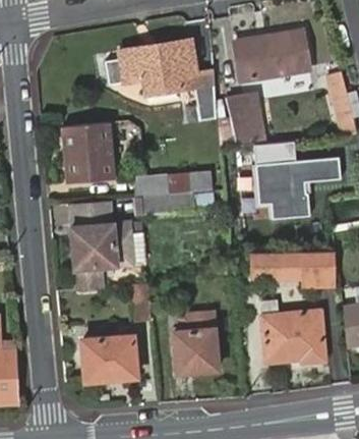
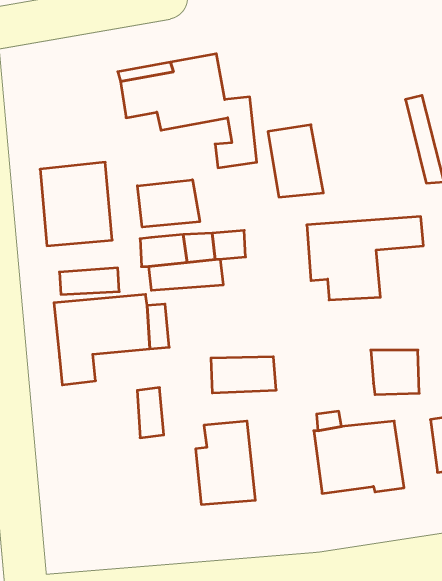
building: [232,29,310,81] -> none
building: none -> [137,180,200,227]
building: [256,258,304,284] -> [211,357,276,393]
building: [82,334,136,379] -> none

